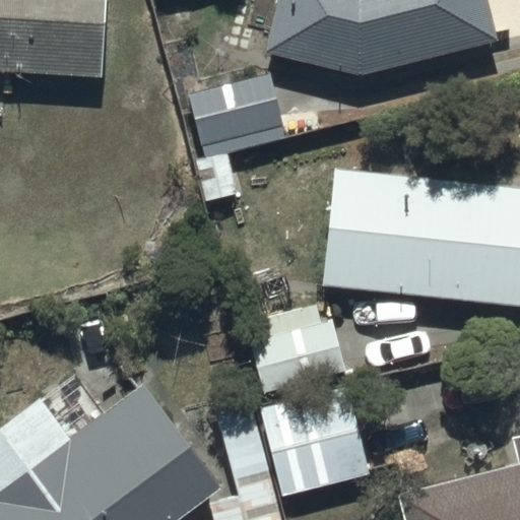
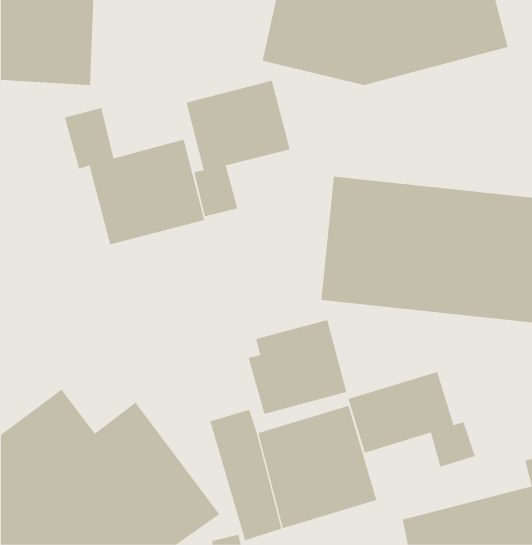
building: none -> [64,107,205,245]
building: none -> [348,371,475,467]

